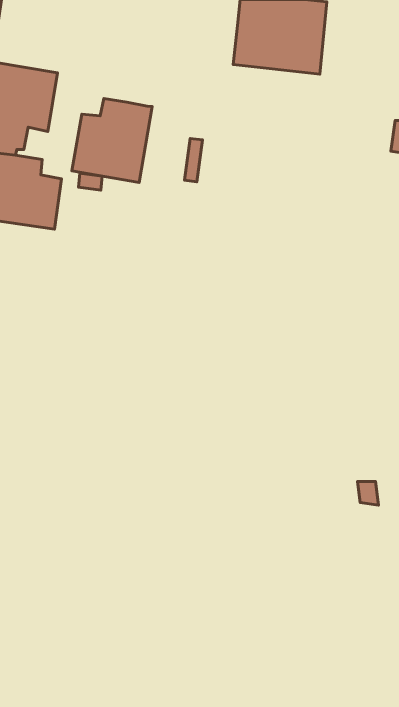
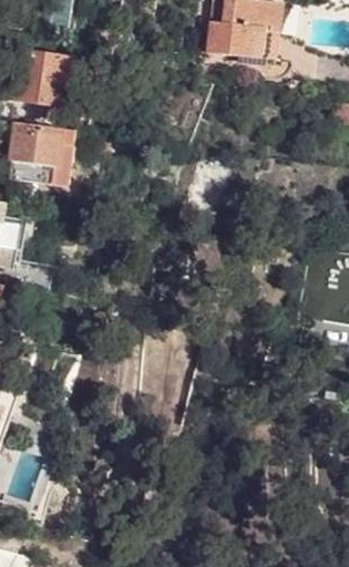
building: [72,99,152,182] -> none

